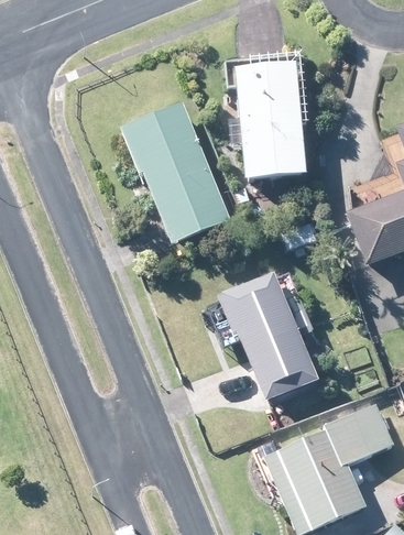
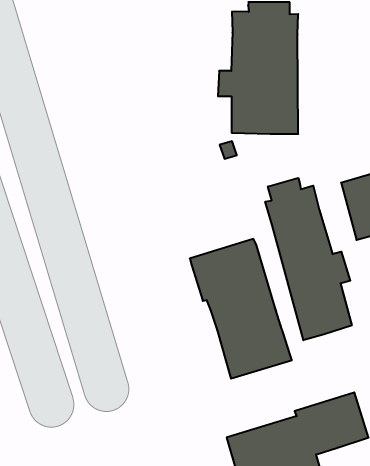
building: [121,101,232,243] -> none
building: none -> [265,178,352,340]

